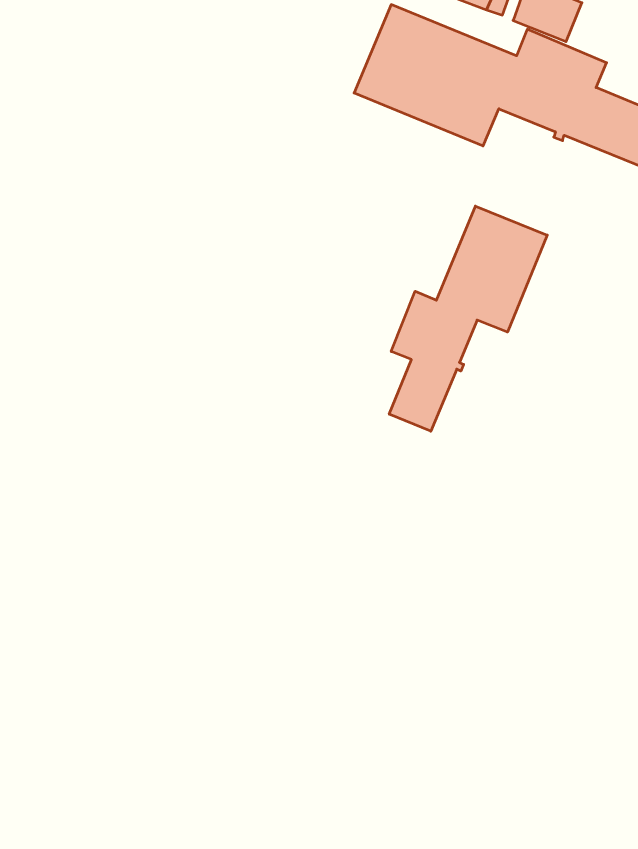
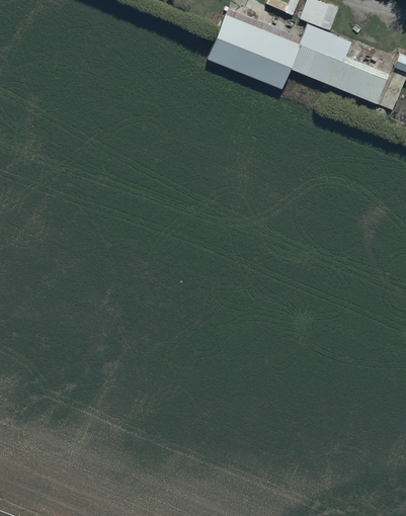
building: [389,206,547,431] -> none

